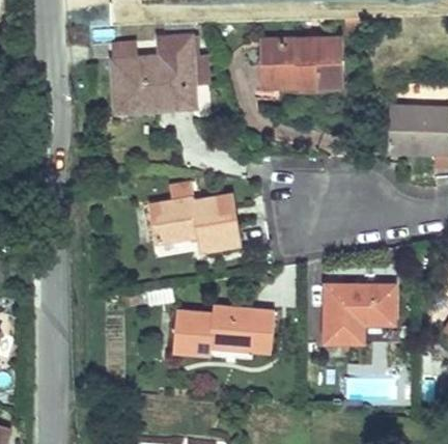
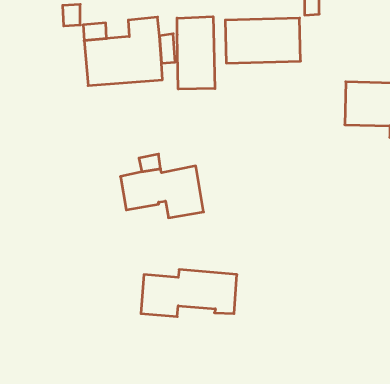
building: none -> [177,17,215,89]
building: [325,285,394,342] -> none

